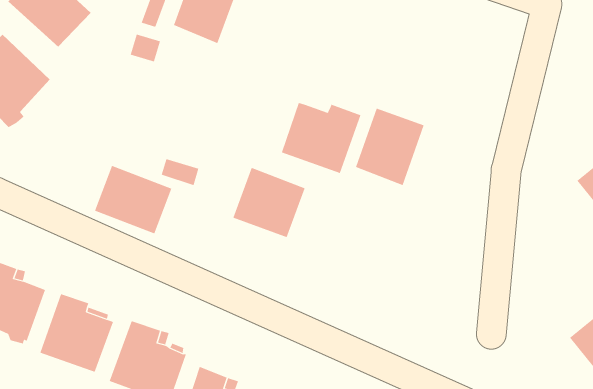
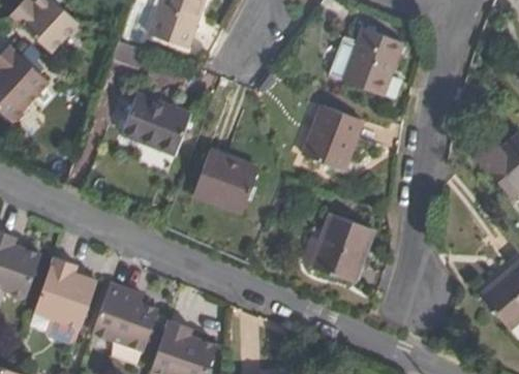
building: none -> [342,26,397,93]
building: [281,102,361,174] -> none
building: [94,165,172,234] -> [121,94,186,152]
building: none -> [309,217,368,284]

